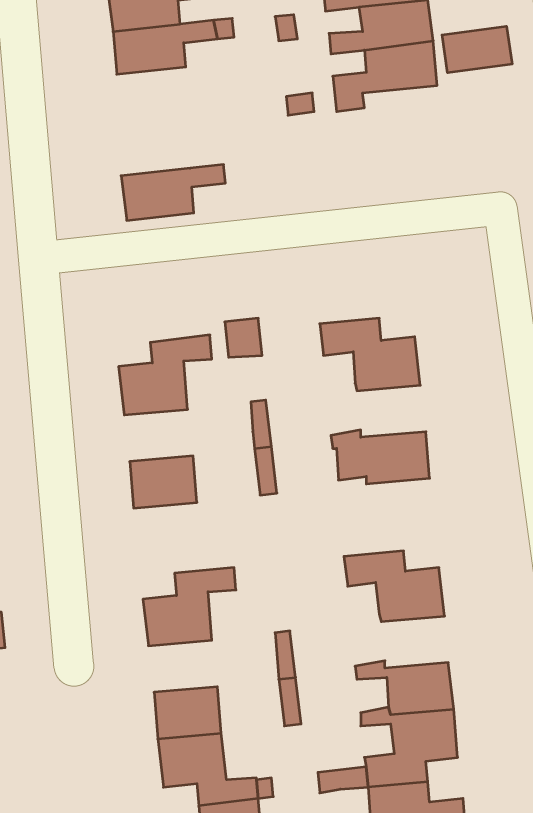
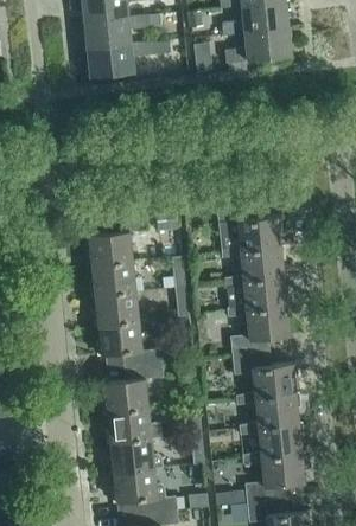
building: [442,26,512,73] -> none
building: [121,165,225,220] -> [87,41,153,77]
building: none -> [221,245,284,280]
building: none -> [91,262,135,295]
building: none -> [227,304,290,355]
building: none -> [97,321,161,366]
building: none -> [235,392,298,426]
building: none -> [107,409,161,442]

